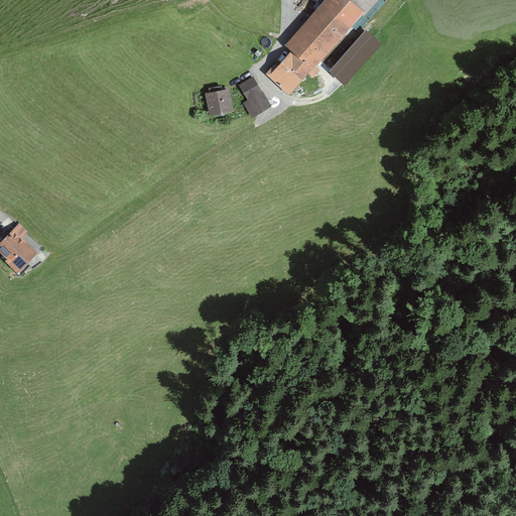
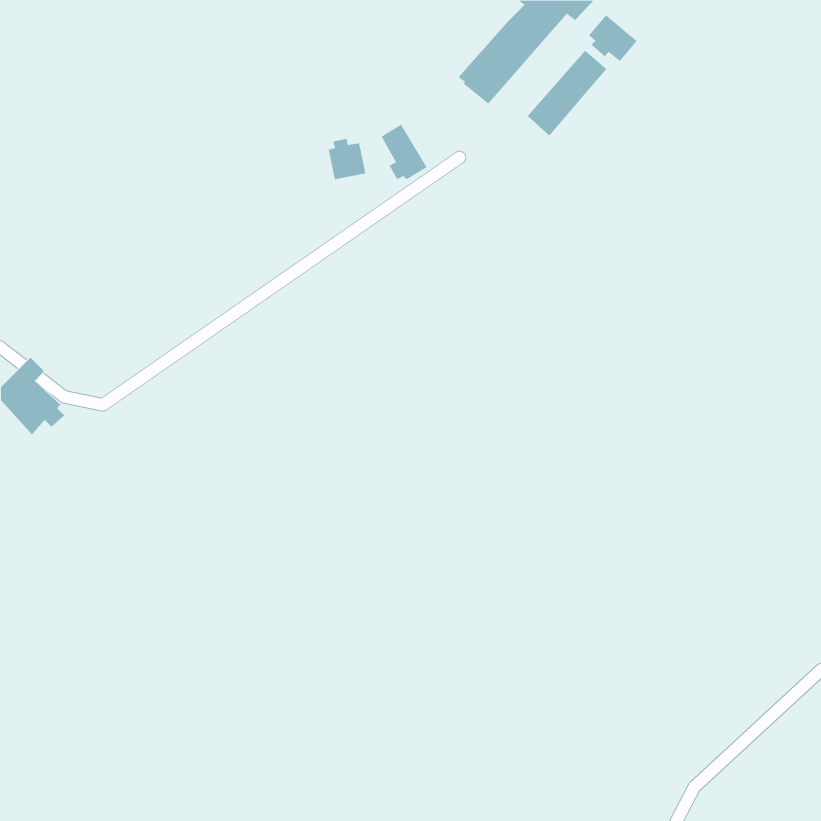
building: none -> [588,14,638,62]
building: [265,52,307,92] -> none

